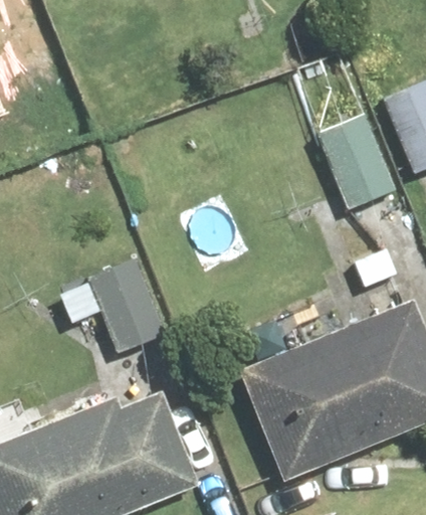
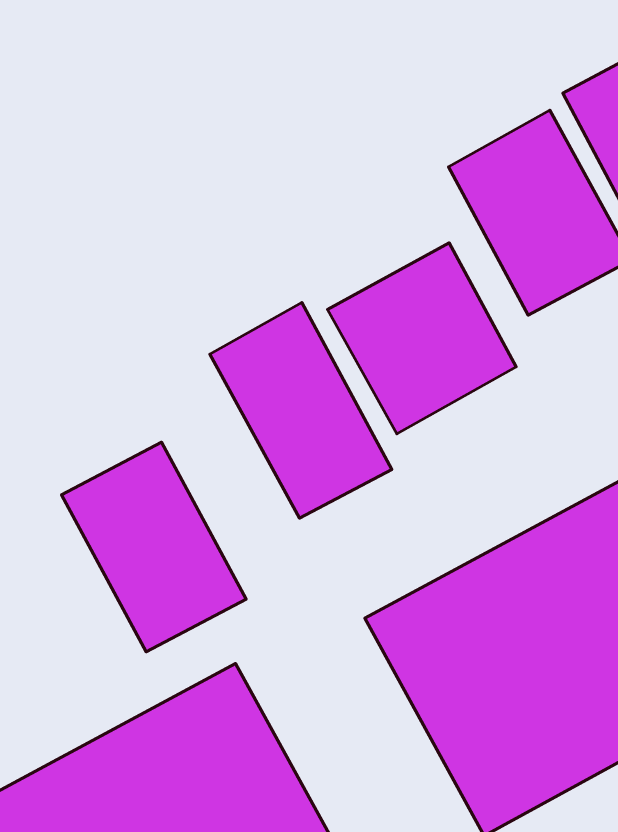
building: none -> [327,243,516,434]
building: none -> [210,303,392,518]

